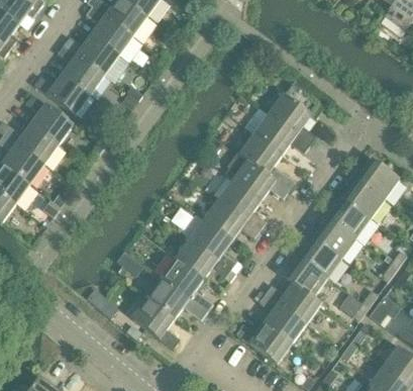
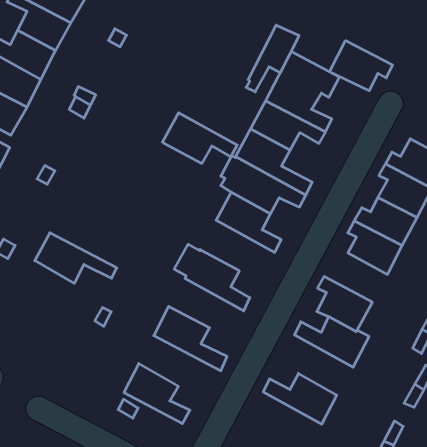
building: none -> [246,25,299,92]
building: none -> [329,41,393,91]
building: [204,199,260,239] -> [162,113,237,163]
building: [294,237,341,277] -> none
building: [175,239,230,279] -> none
building: [146,279,207,319] -> [35,233,117,283]
building: [260,293,306,343] -> none

